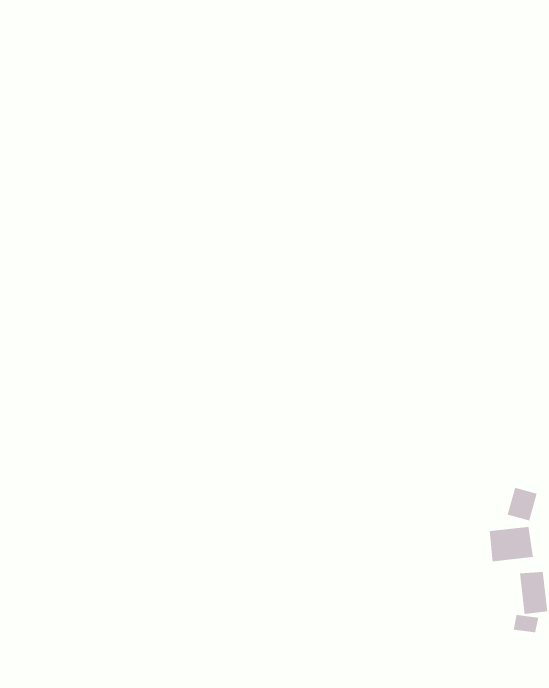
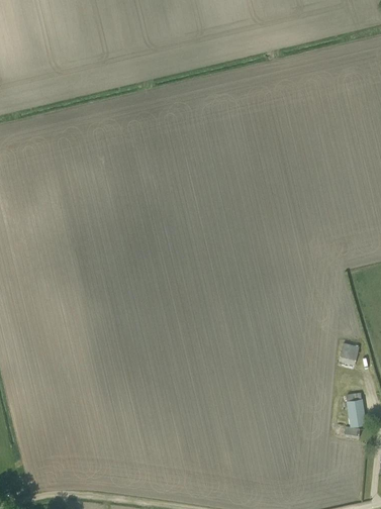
building: [489,526,533,562] -> none

